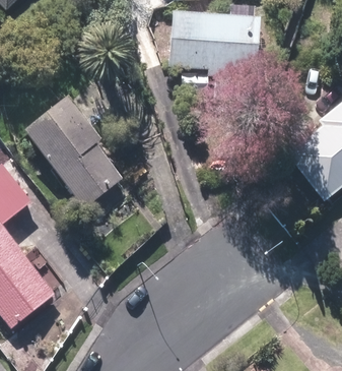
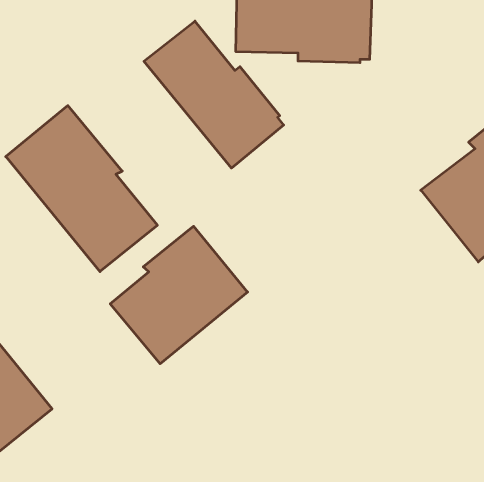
building: none -> [144,21,284,168]
building: none -> [110,226,248,364]

